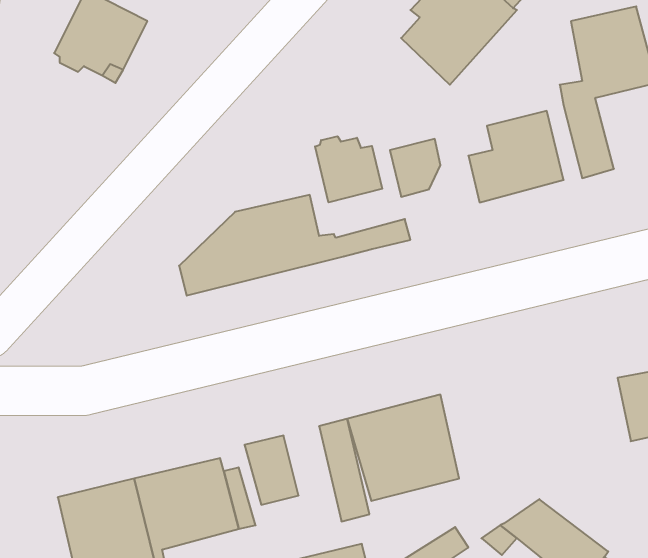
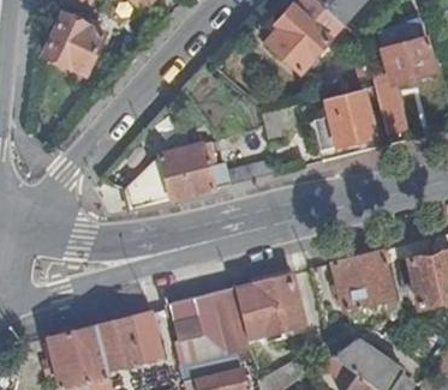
building: [315,136,382,202] -> none
building: none -> [335,251,394,310]
building: none -> [179,293,231,366]

